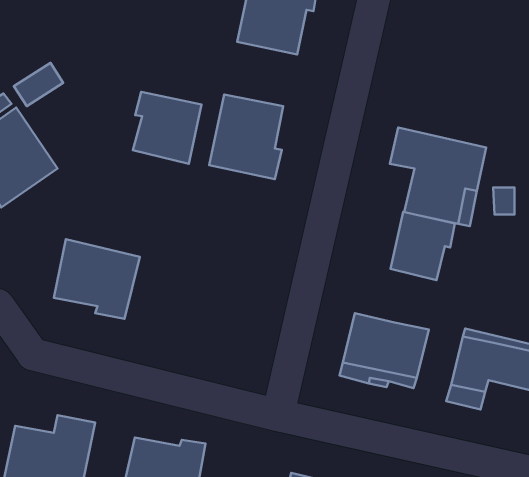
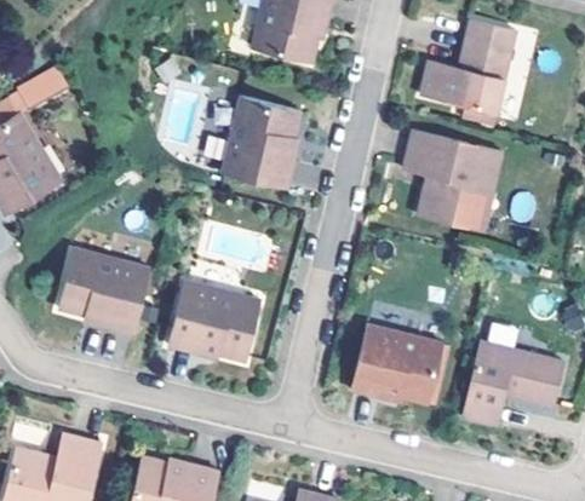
building: none -> [421,24,516,116]
building: [133,92,202,164] -> none
building: [391,212,455,280] -> none
building: none -> [168,281,257,356]

